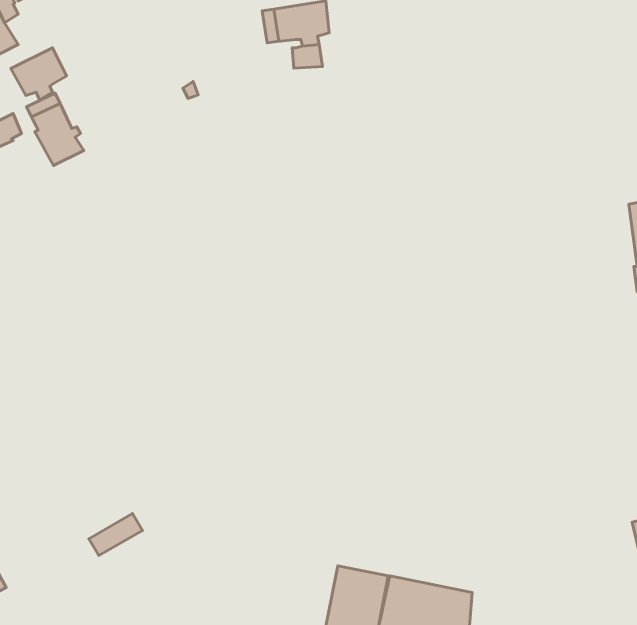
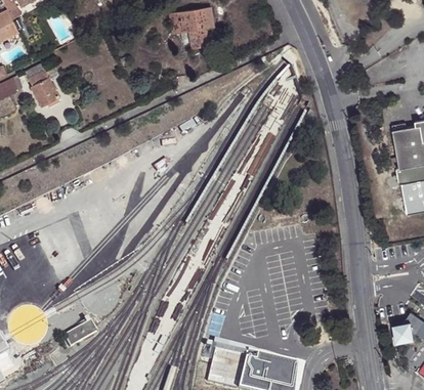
building: [11,48,66,100] -> none

